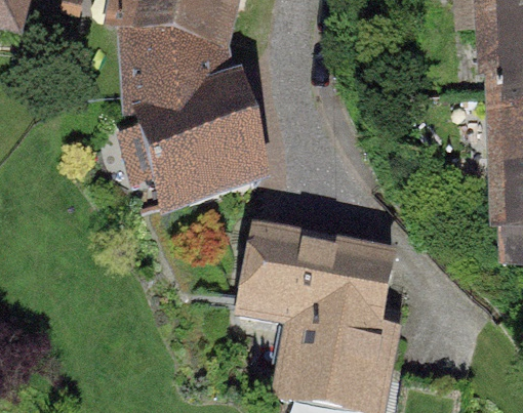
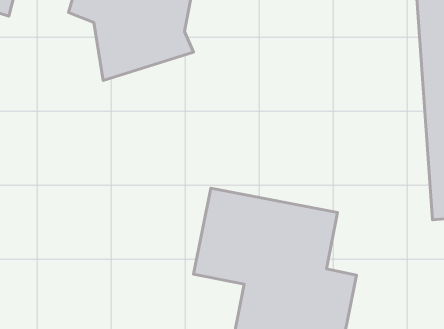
building: [127,75,265,218] -> none

